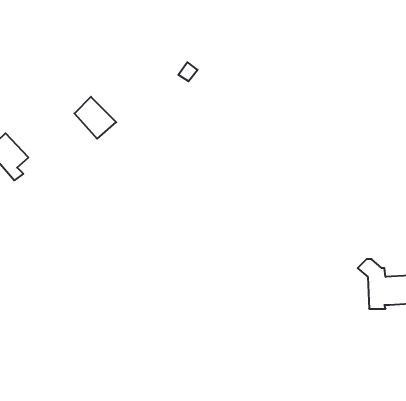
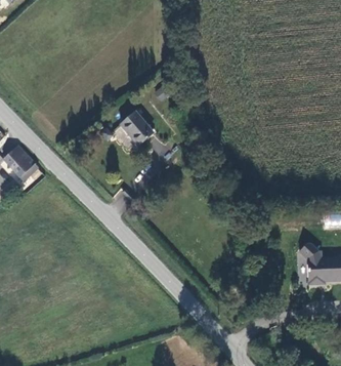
building: [74,97,116,139] -> [120,113,154,147]

